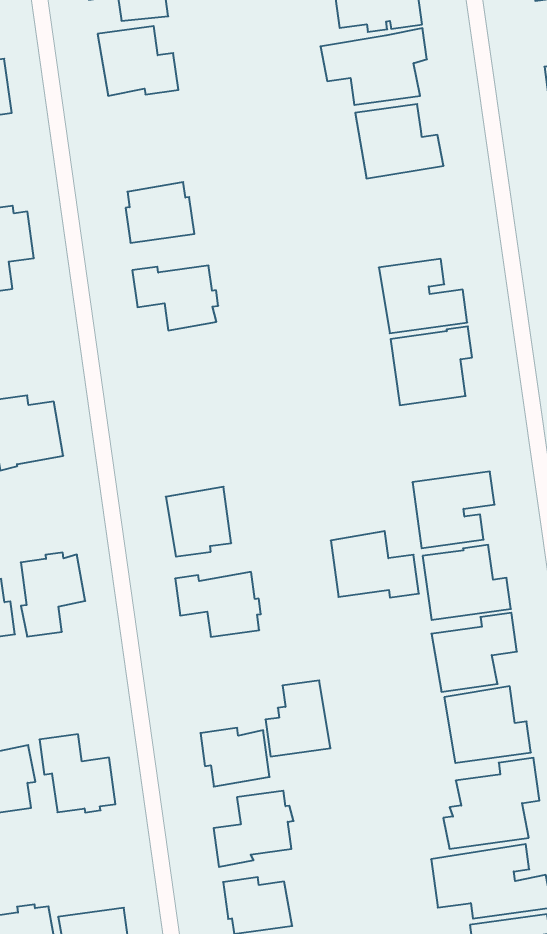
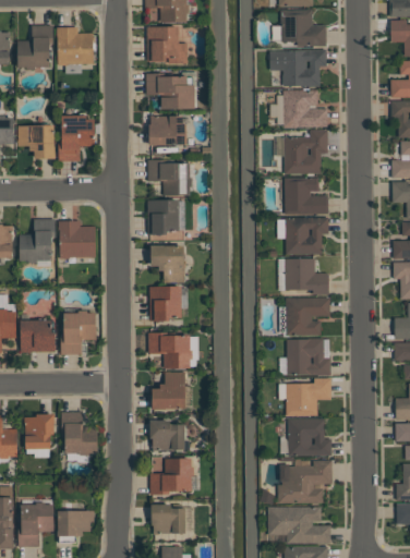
building: none -> [145,73,194,108]
building: none -> [284,129,327,173]
building: none -> [147,199,179,234]
building: none -> [150,245,183,282]
building: [331,531,419,598] -> [284,257,328,294]
building: [265,680,331,756] -> [152,371,185,409]

